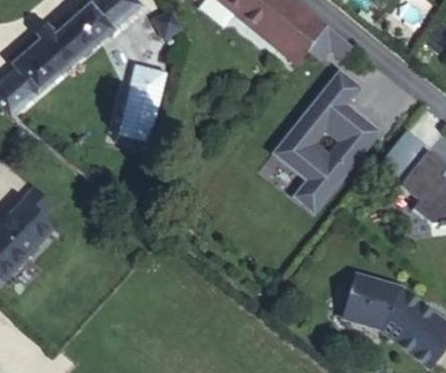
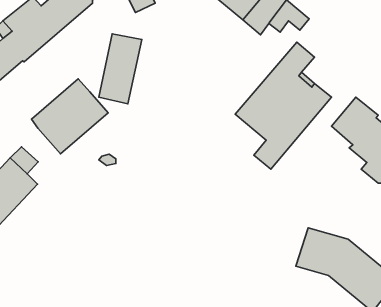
building: none -> [31,79,108,154]

